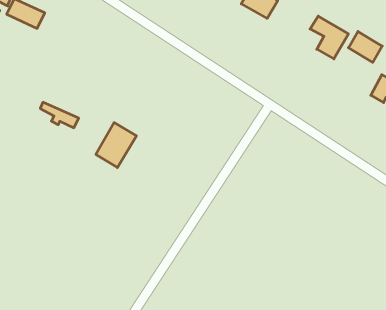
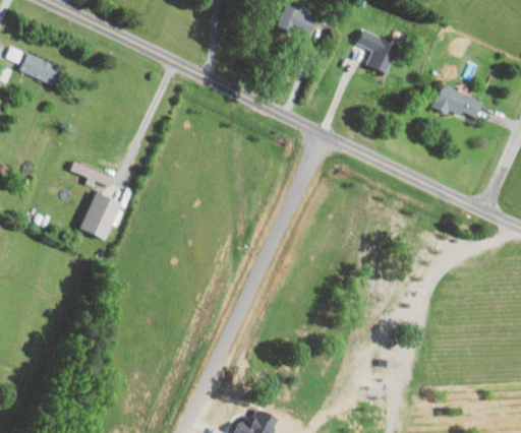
building: [348,31,382,62] -> none
building: [96,123,136,168] -> [79,191,121,240]

